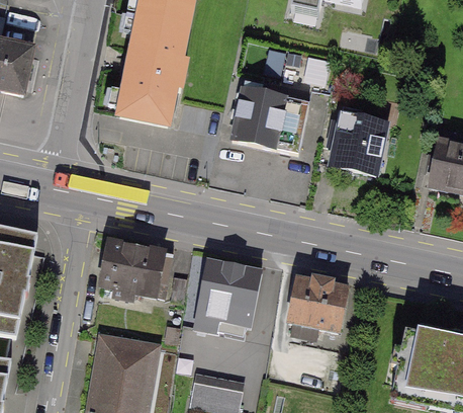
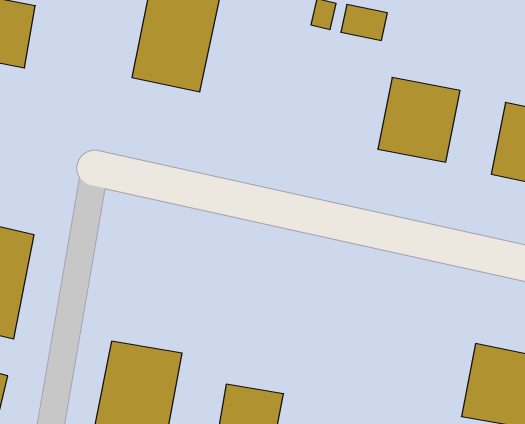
building: [228,82,307,152] -> none
building: [99,236,168,301] -> none
building: [194,258,261,342] -> none
building: [287,274,352,346] -> none

